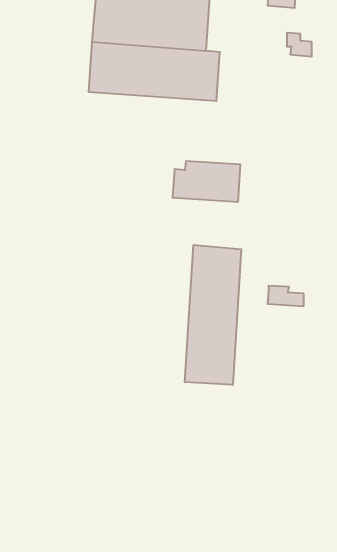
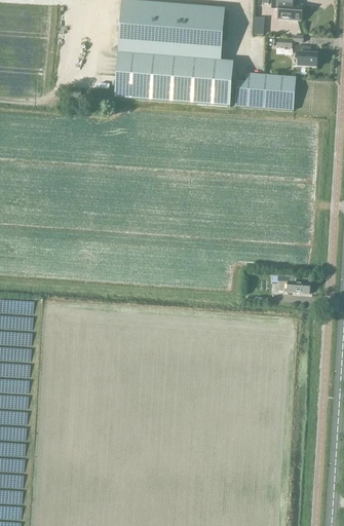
building: [172,161,240,202] -> [235,71,297,108]
building: [185,245,241,385] -> none

